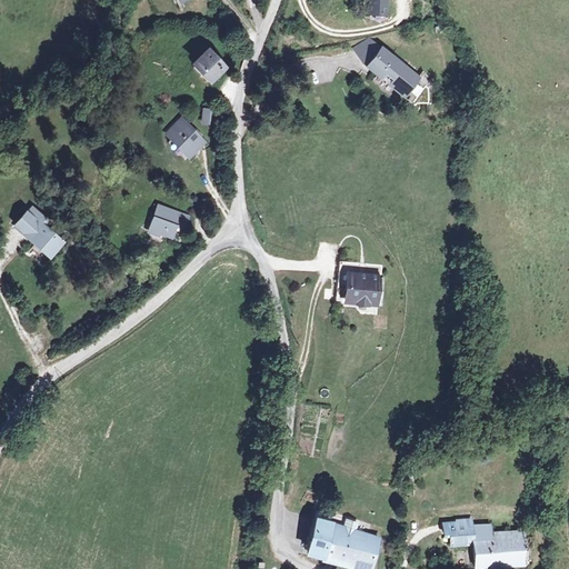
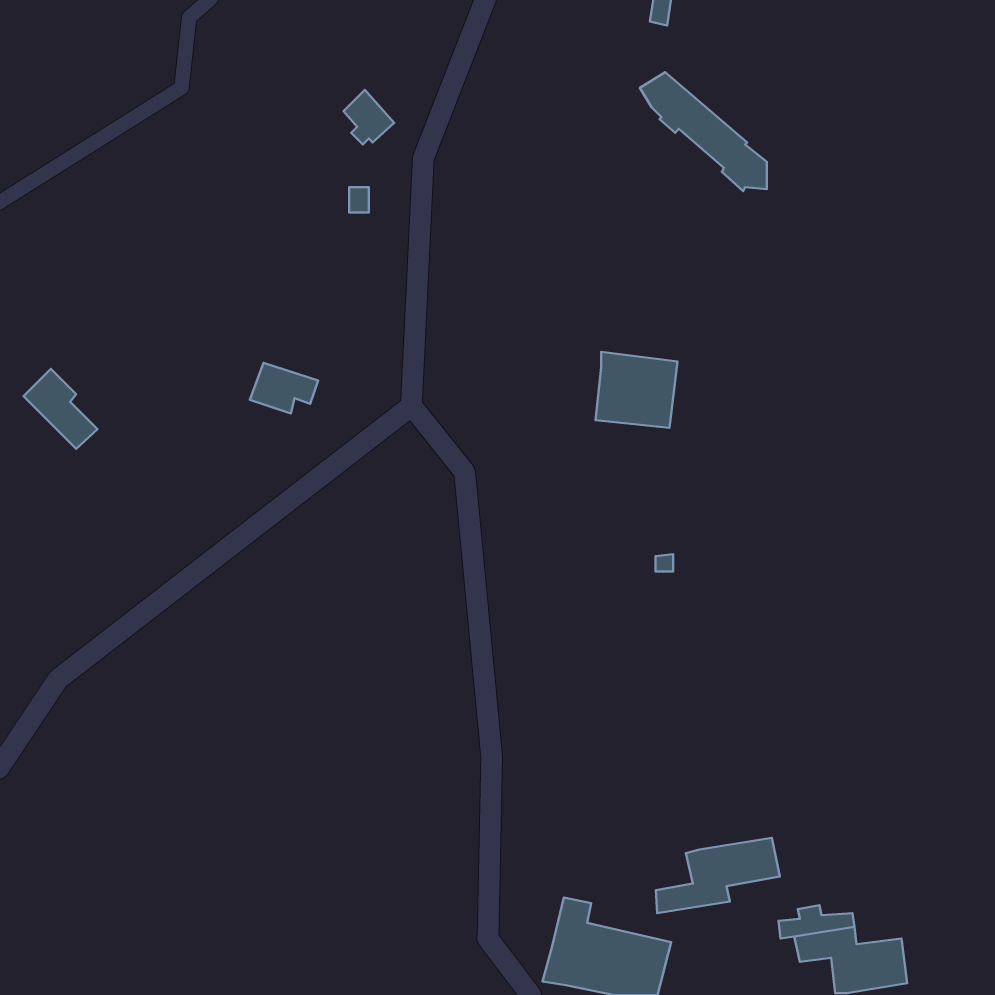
building: [167,120,207,160] -> none
building: [338,266,385,309] -> [595,352,677,428]
building: none -> [656,838,780,913]

